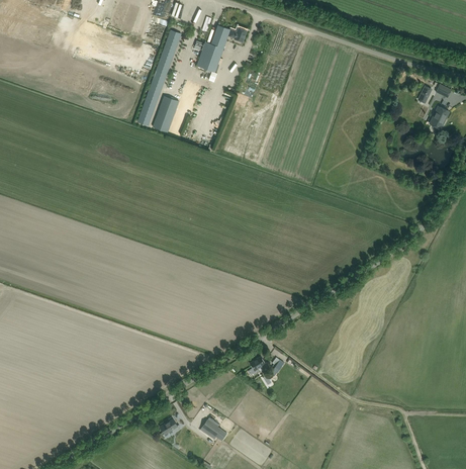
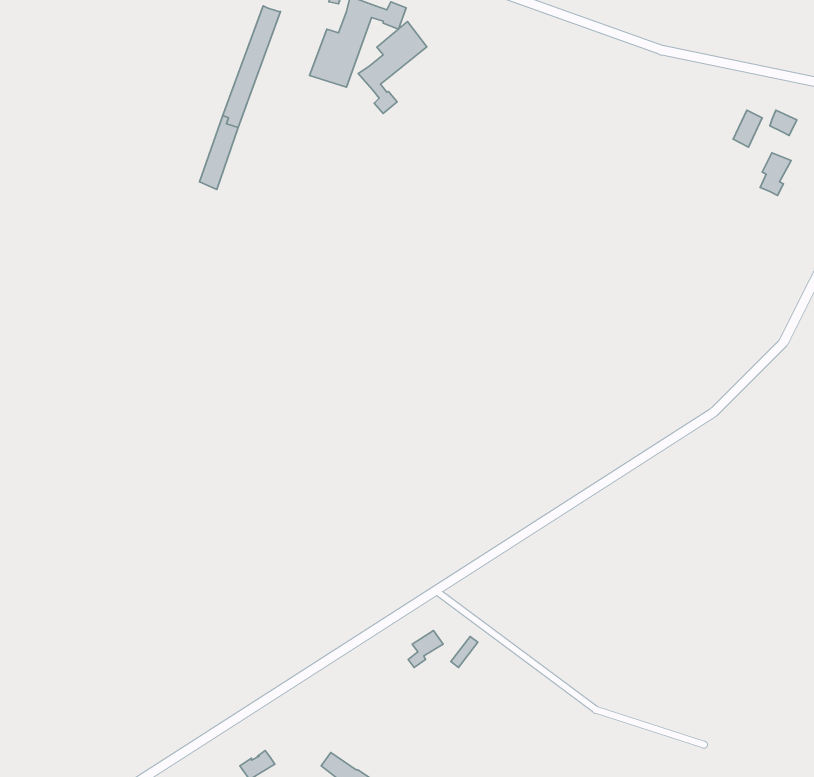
building: none -> [358,22,427,113]
building: [153,95,179,131] -> none

